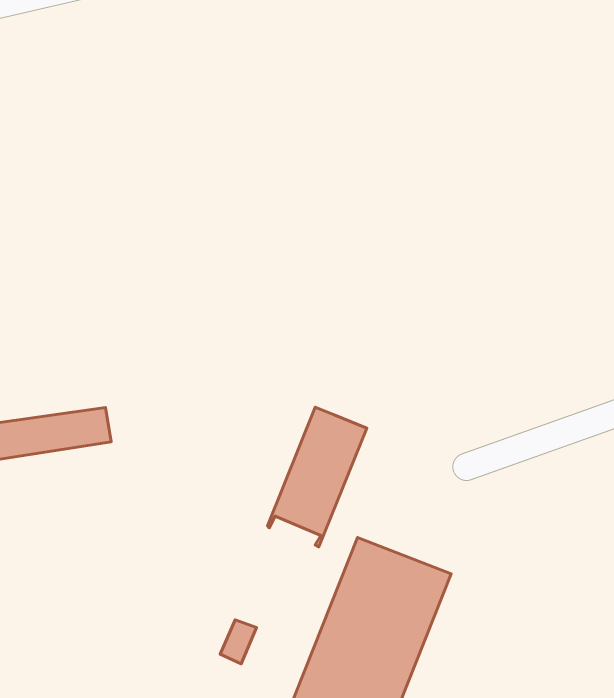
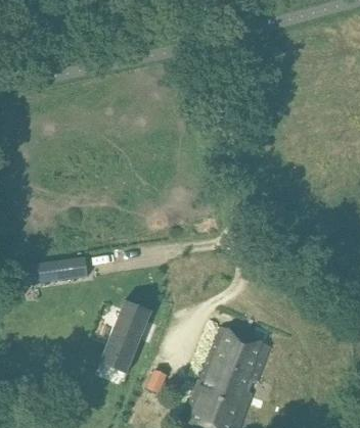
building: [267,407,367,547] -> [99,299,152,374]

